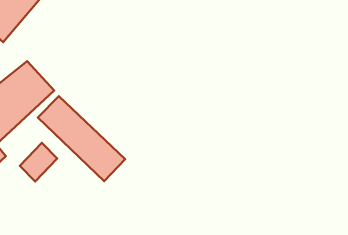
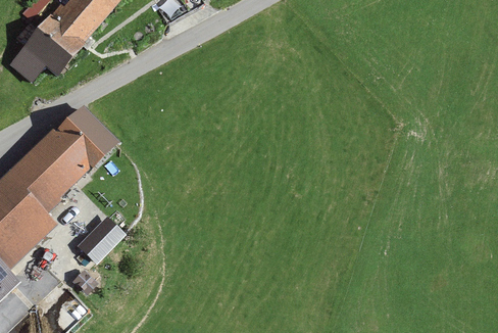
building: [38,96,125,181] -> none

